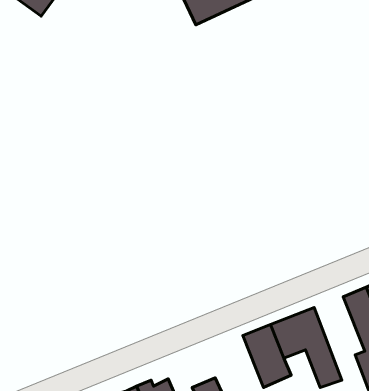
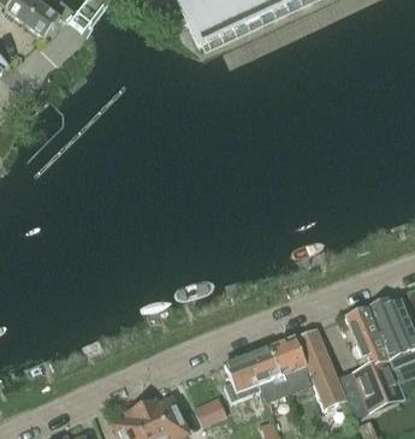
building: none -> [225,356,260,403]

